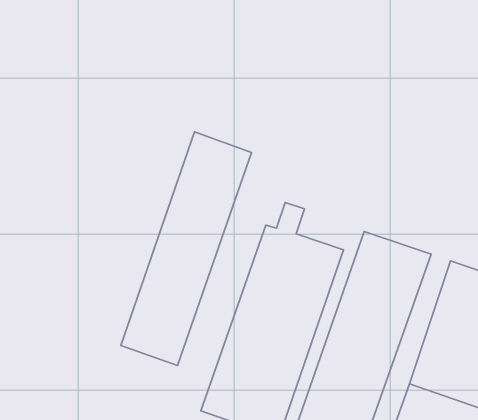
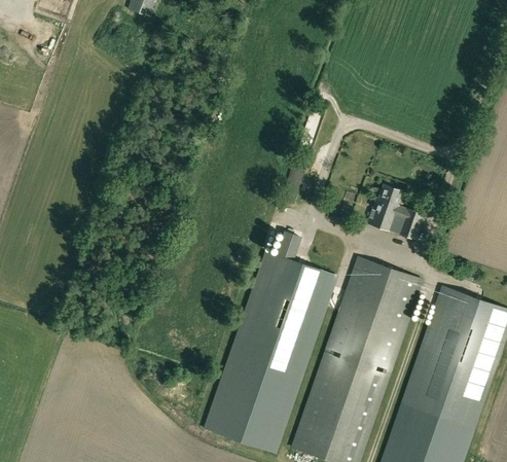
building: [121,132,252,366] -> none
building: none -> [367,184,424,240]

